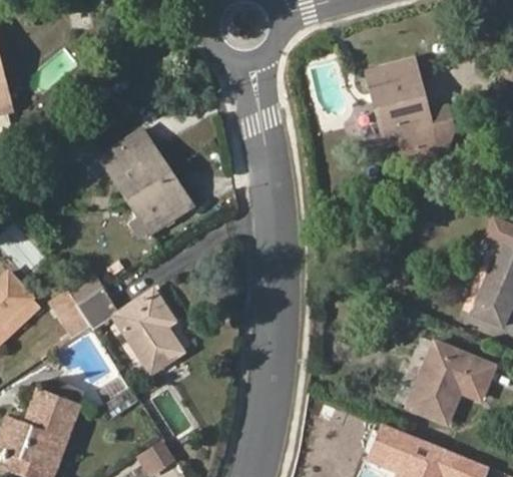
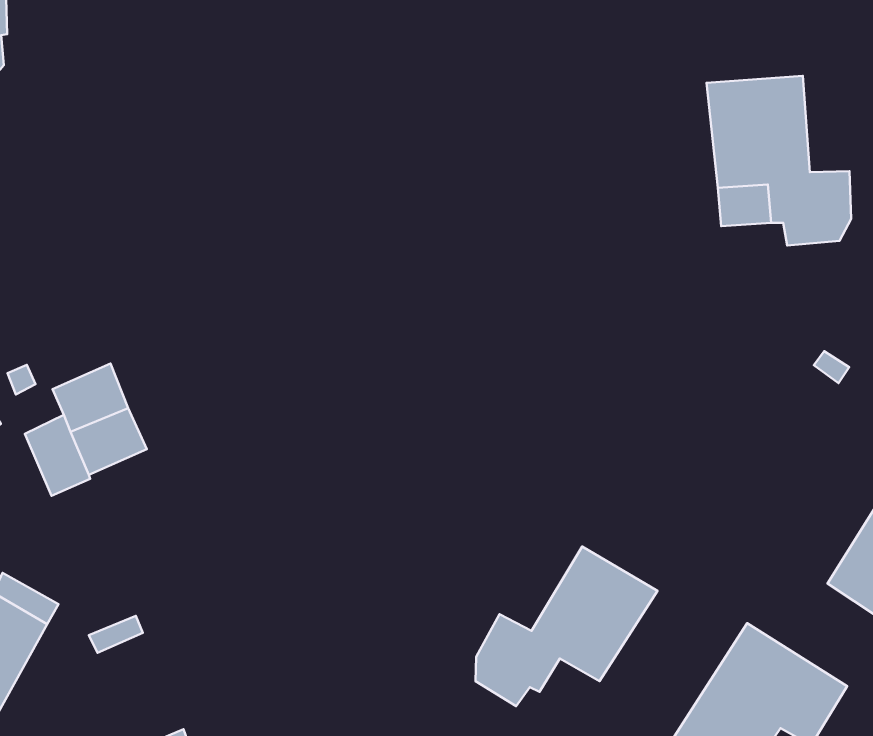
building: [101,131,192,232] -> none
building: [114,291,180,372] -> none
building: none -> [476,547,658,706]

